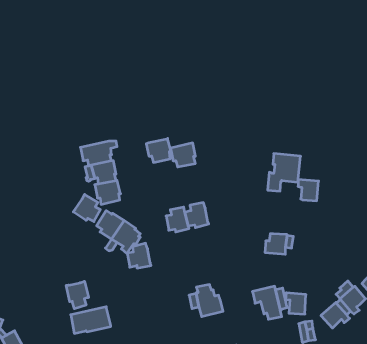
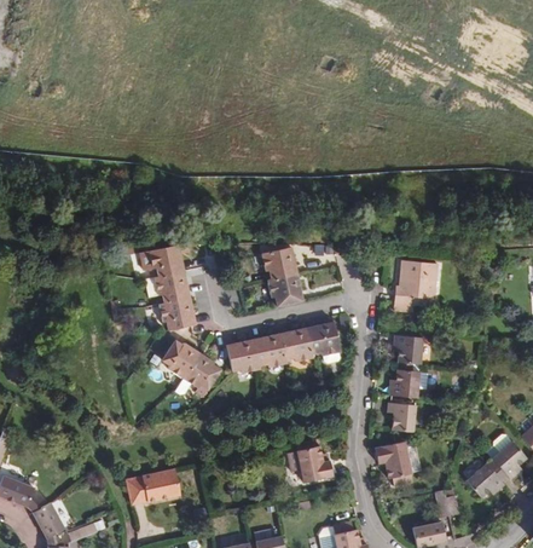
building: [146,138,171,162] -> [267,272,301,305]
building: [298,179,319,201] -> [394,334,422,363]
building: [73,194,100,222] -> none
building: none -> [308,321,340,363]
building: [127,243,151,268] -> [227,338,260,371]
building: [66,281,89,309] -> none
building: [285,293,306,314] -> [387,402,415,431]

